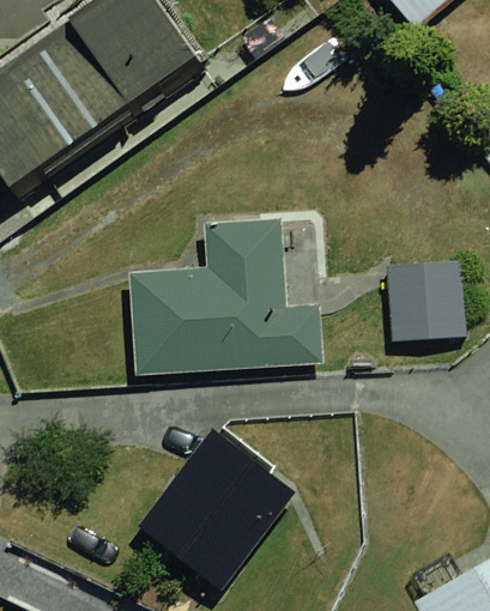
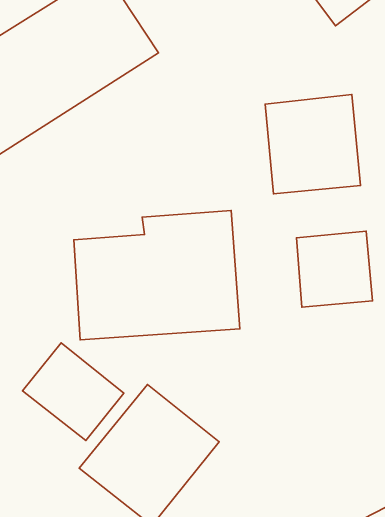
building: none -> [265,94,360,194]
building: none -> [23,343,124,440]

